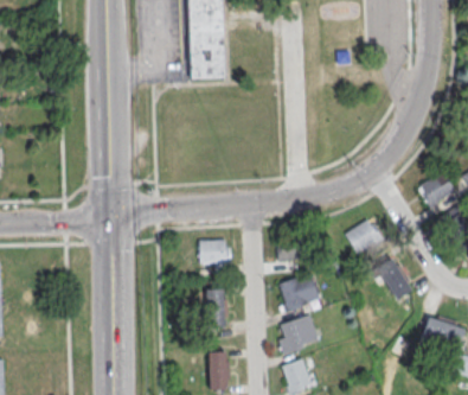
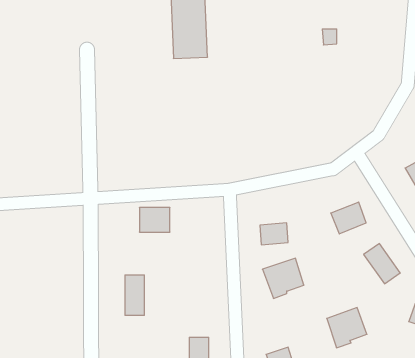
building: [199,240,229,263] -> [139,208,170,232]
building: [206,289,225,329] -> [125,275,144,315]
building: [281,316,320,355] -> [327,308,367,348]

